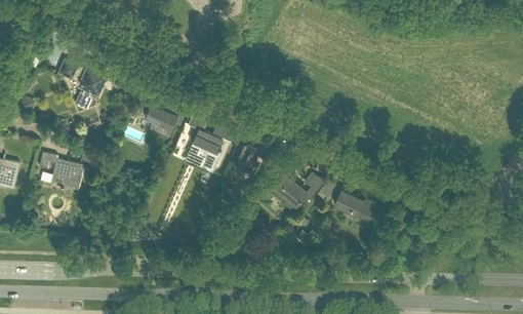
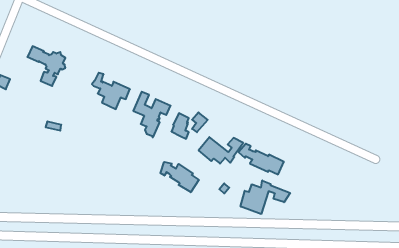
building: [39,152,84,190] -> none
building: none -> [160,162,199,192]
building: none -> [241,180,290,214]

